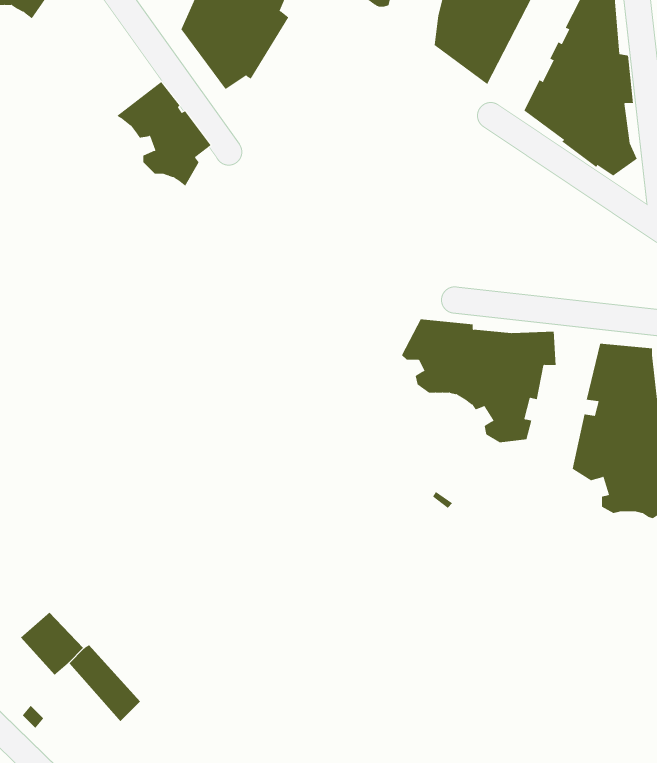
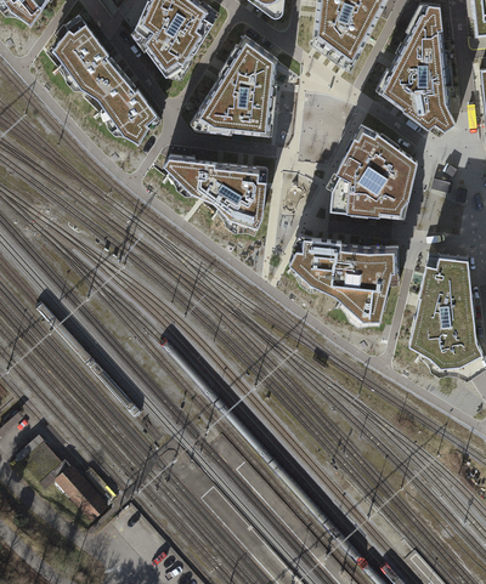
building: none -> [52,17,120,93]
building: none -> [190,36,277,136]
building: none -> [329,124,417,217]
building: none -> [164,155,266,233]

